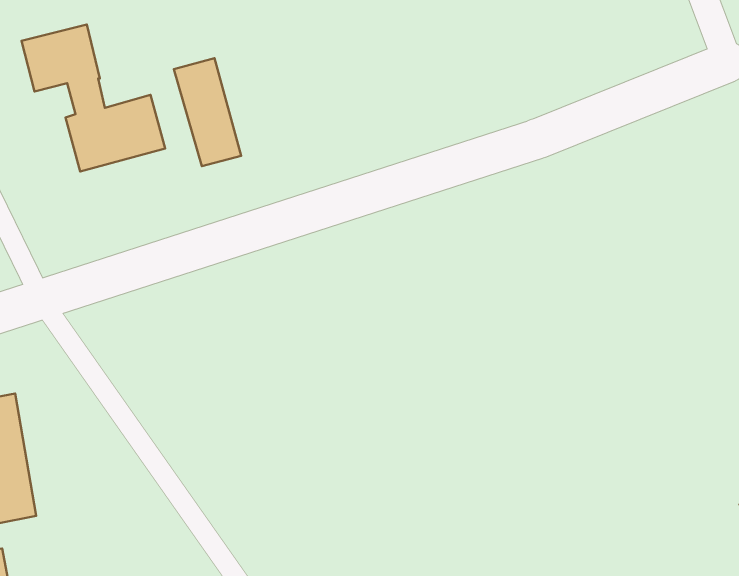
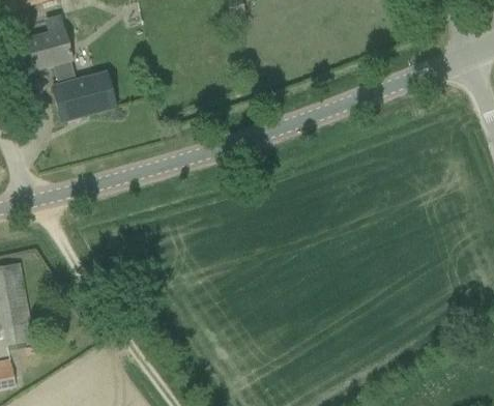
building: [174,58,241,166] -> none

